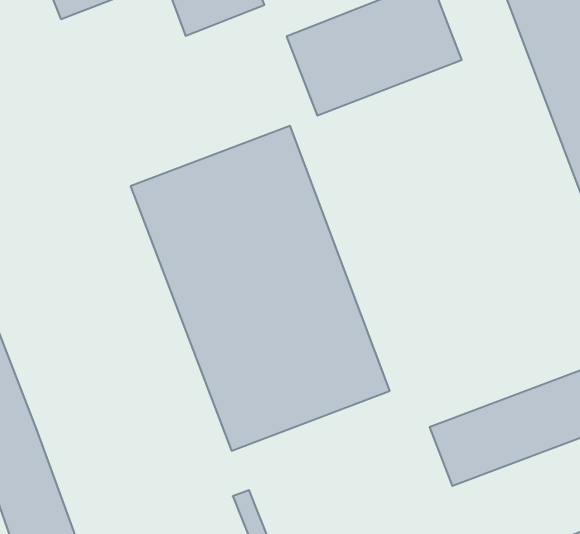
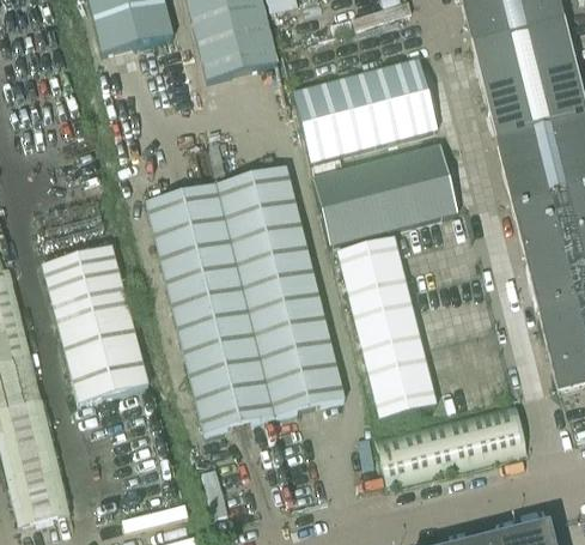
building: none -> [312,146,457,246]
building: none -> [337,236,435,418]
building: none -> [47,249,153,404]

